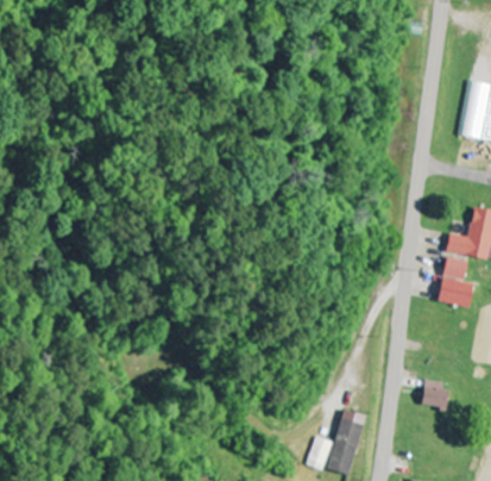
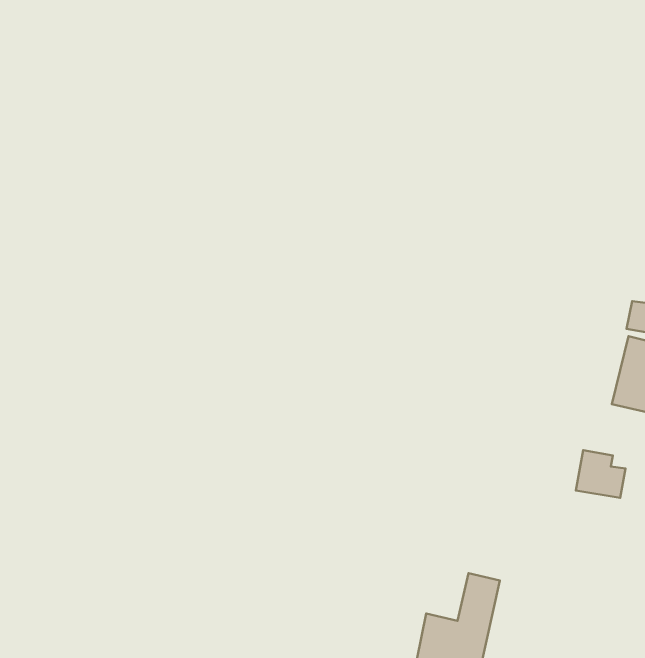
building: [420,379,452,410] -> [576,450,626,498]

